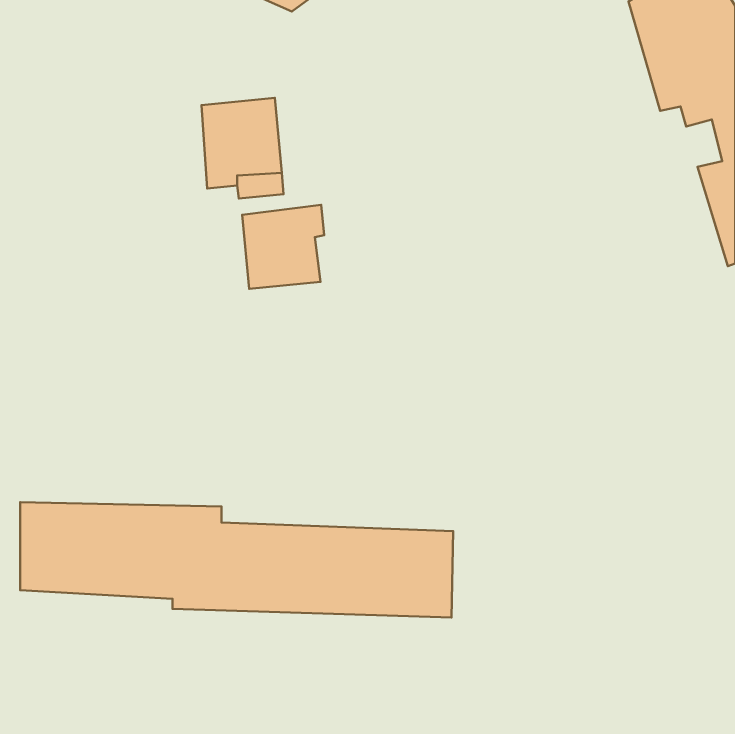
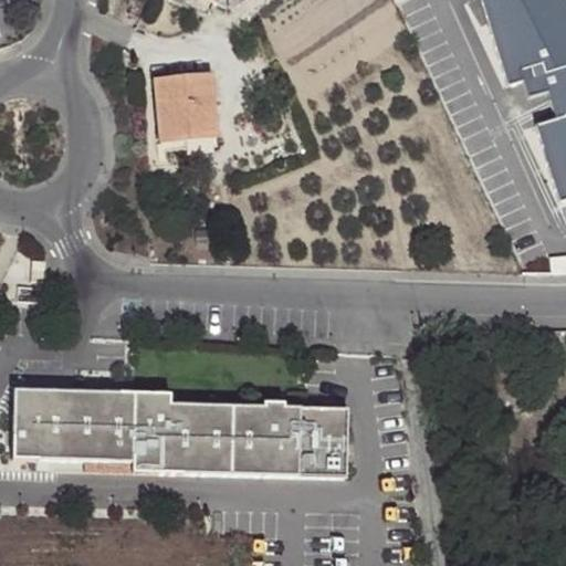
building: [242,205,324,289] -> none

